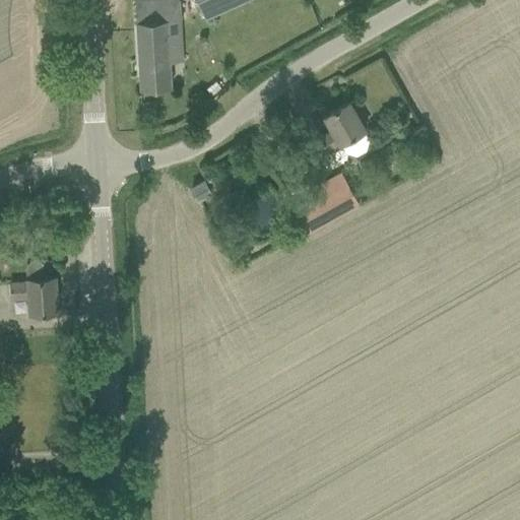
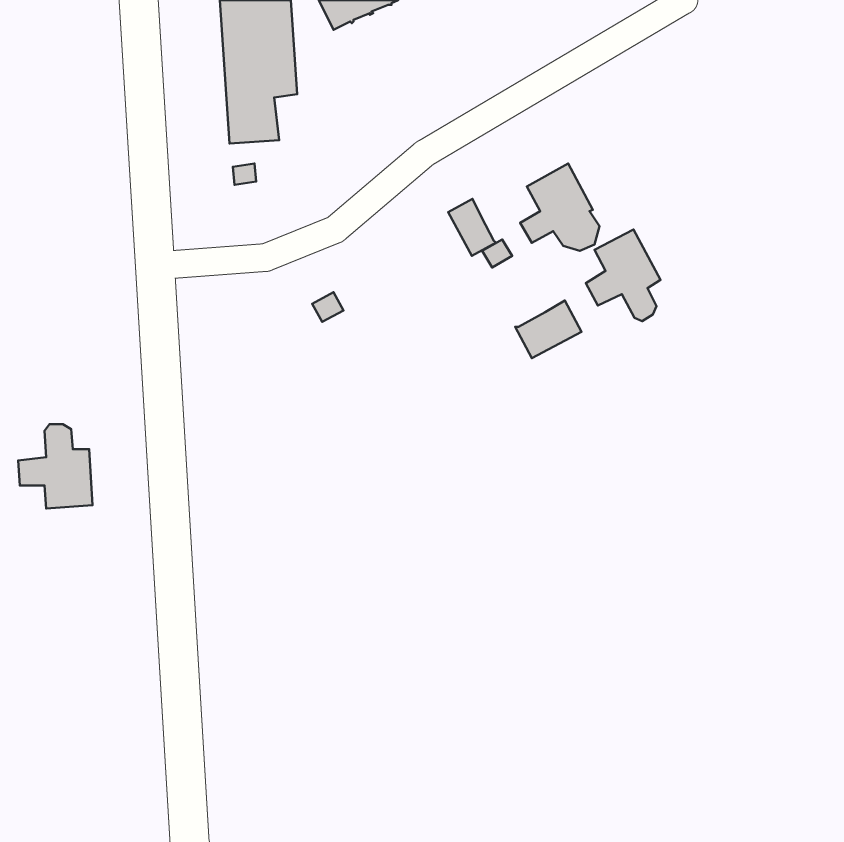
building: none -> [448,199,496,256]
building: none -> [586,230,661,321]

